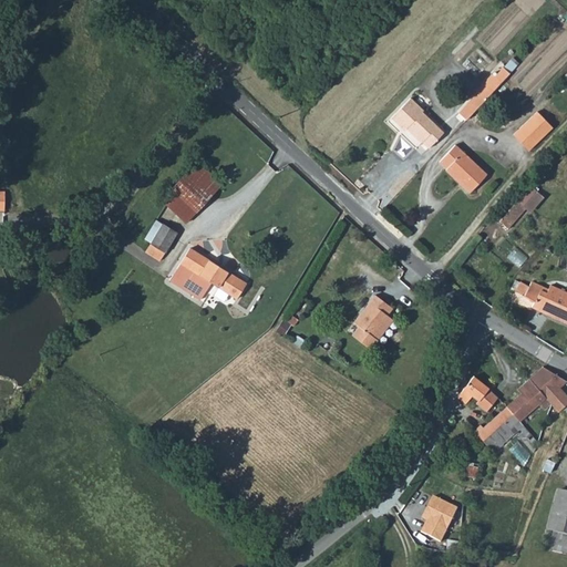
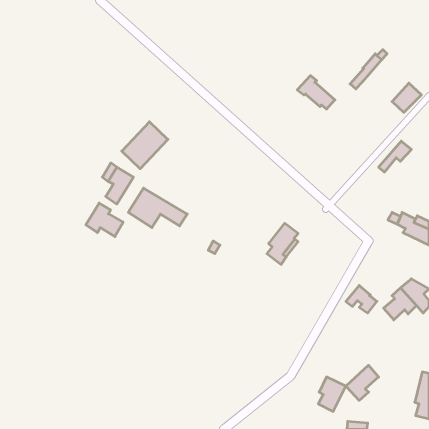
building: [443,145,487,190] -> none
building: none -> [86,203,123,237]
building: [476,406,519,453] -> [346,365,379,400]

